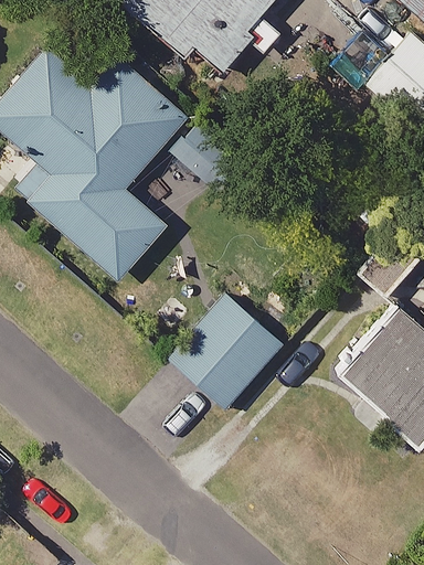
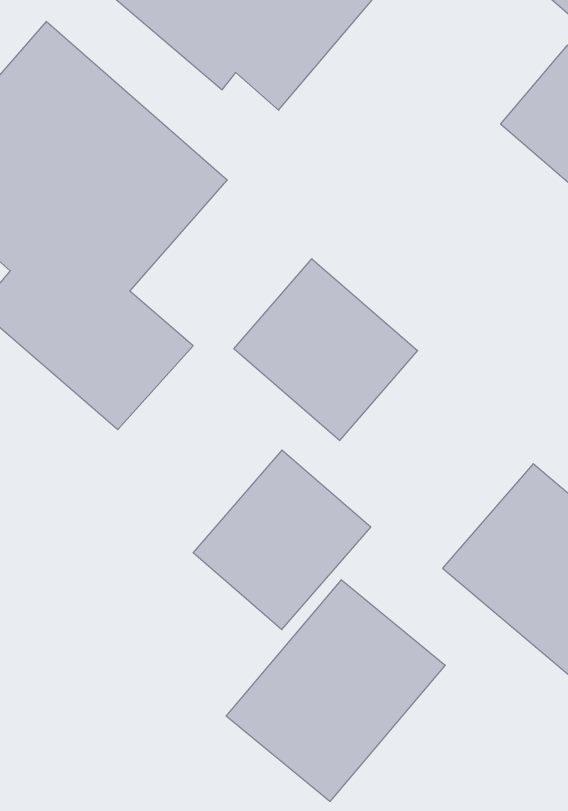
building: none -> [234,259,418,441]
building: none -> [226,580,445,801]

